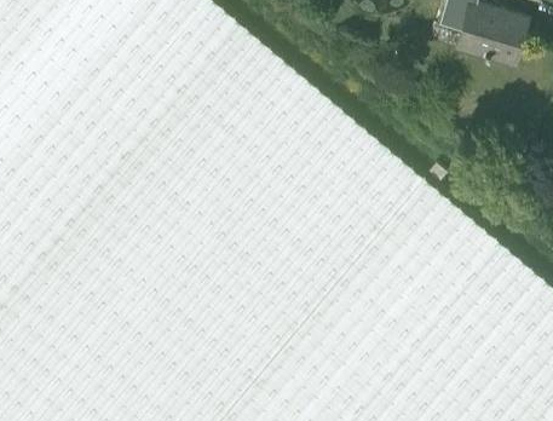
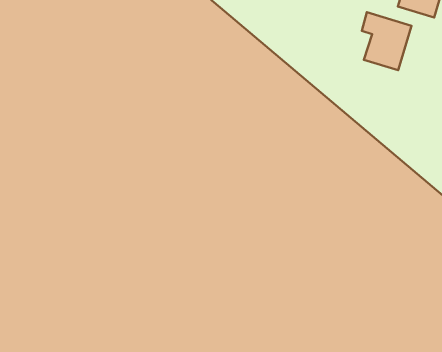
building: none -> [362,12,412,70]

